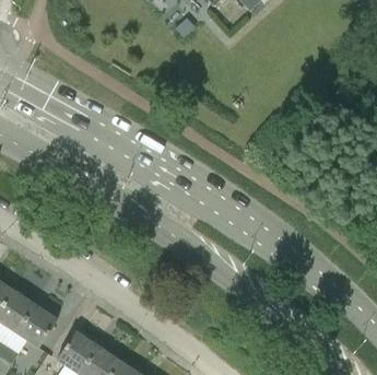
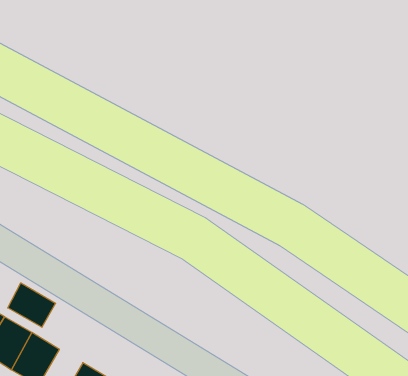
building: none -> [8,283,56,327]

